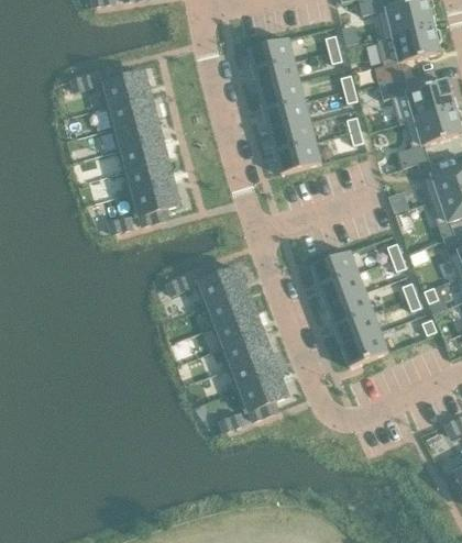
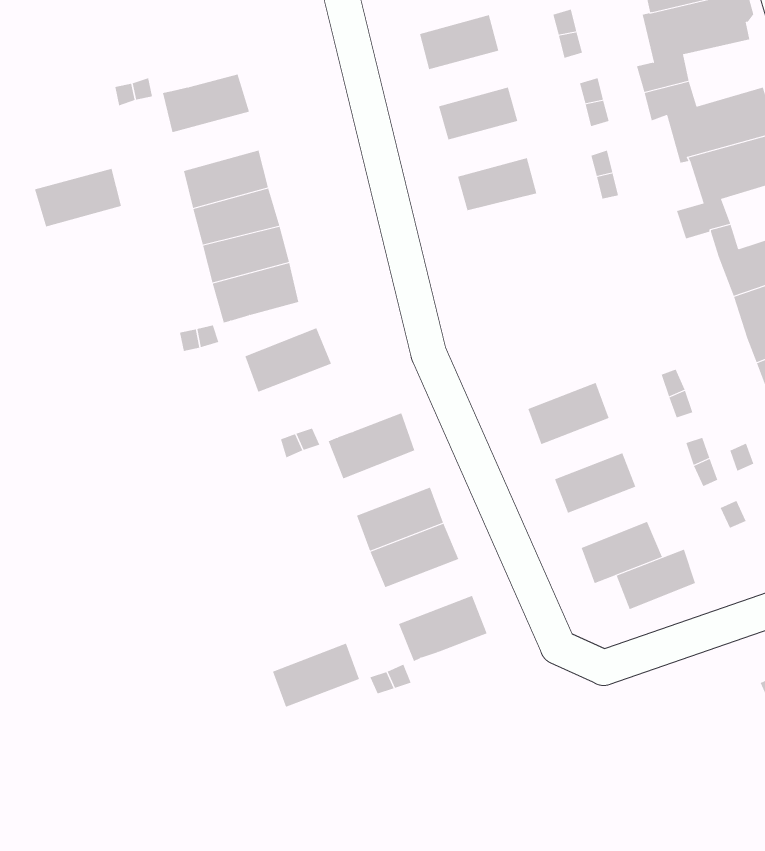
building: [254,58,300,90] -> none
building: [106,93,156,128] -> [34,168,122,227]
building: [265,99,311,131] -> none
building: [276,141,322,173] -> none
building: [319,270,366,306] -> none
building: [205,289,255,326] -> [244,328,332,392]
building: [334,310,381,345] -> [616,549,696,610]
building: [229,352,279,389] -> [272,643,360,708]

